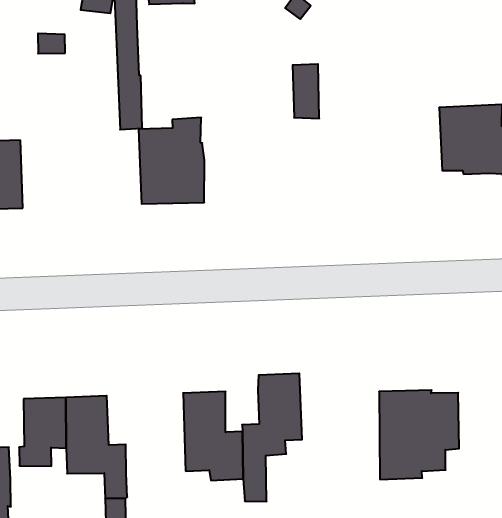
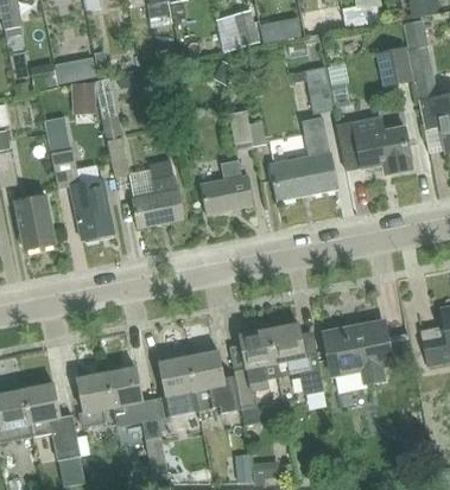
building: none -> [292,65,332,113]
building: none -> [50,147,113,238]
building: none -> [270,119,336,201]
building: none -> [201,161,252,215]
building: none -> [268,322,324,393]
building: none -> [154,355,199,418]

